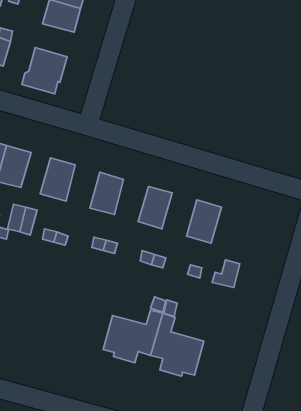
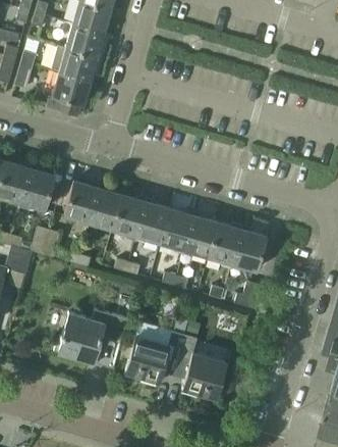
building: none -> [50,45,97,81]
building: none -> [89,188,122,231]
building: none -> [136,202,170,244]
building: none -> [183,215,218,258]
building: none -> [232,230,266,271]
building: none -> [53,310,127,368]

